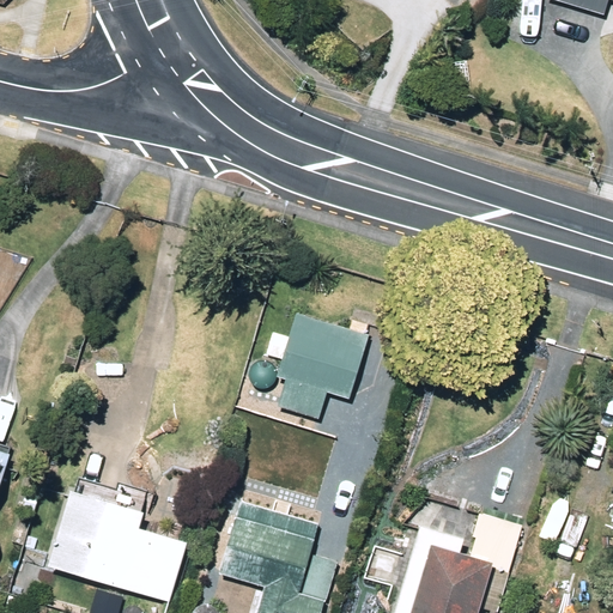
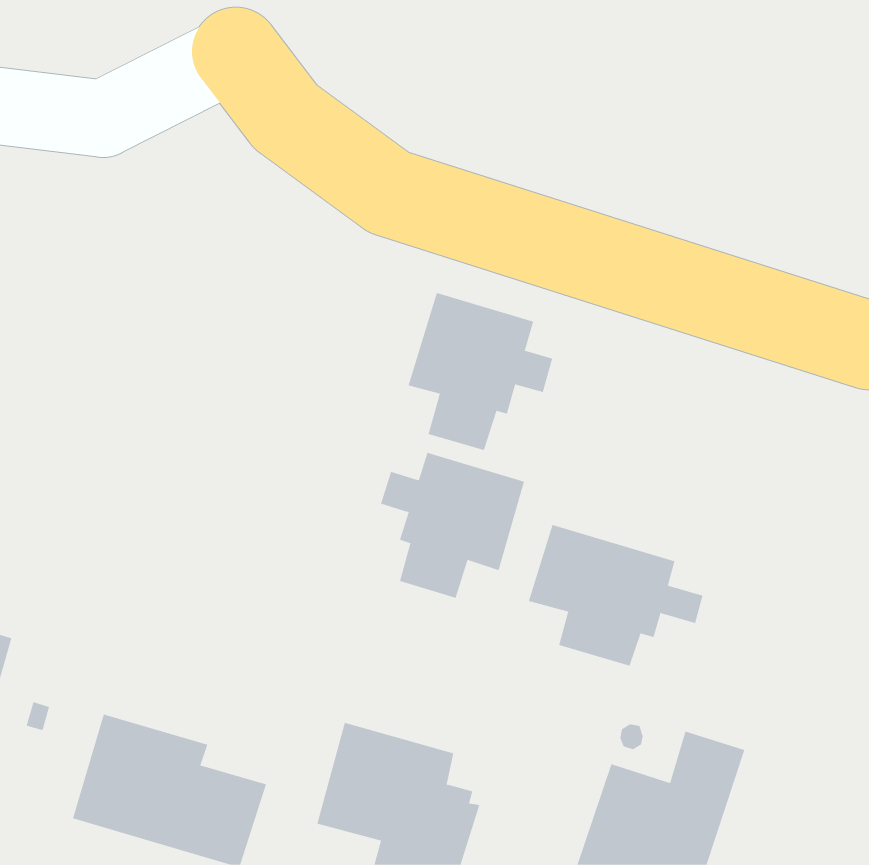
building: none -> [408,292,553,451]
building: none -> [528,524,703,667]

